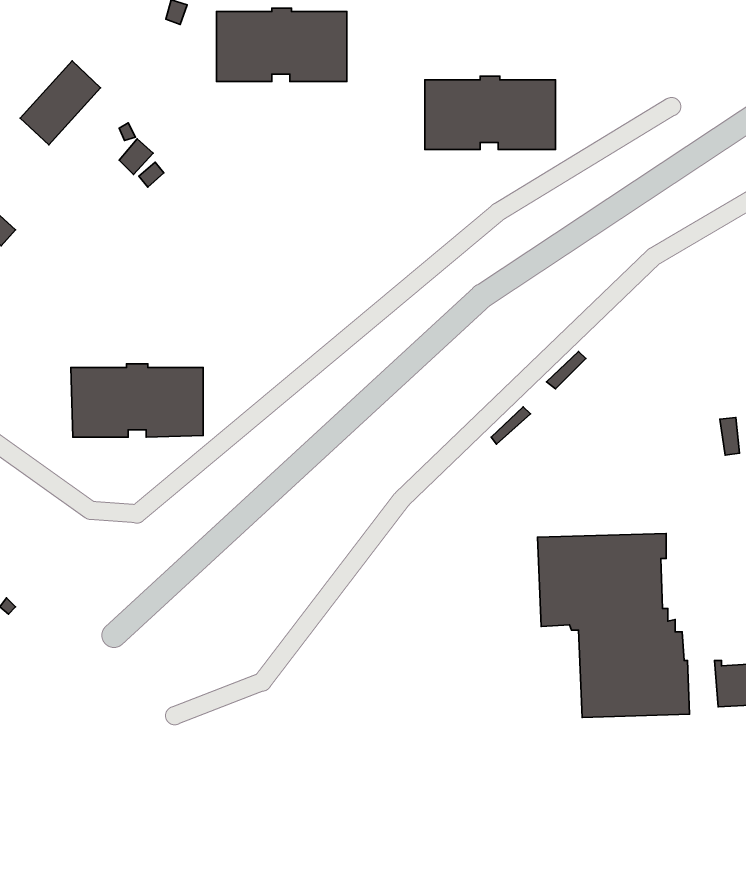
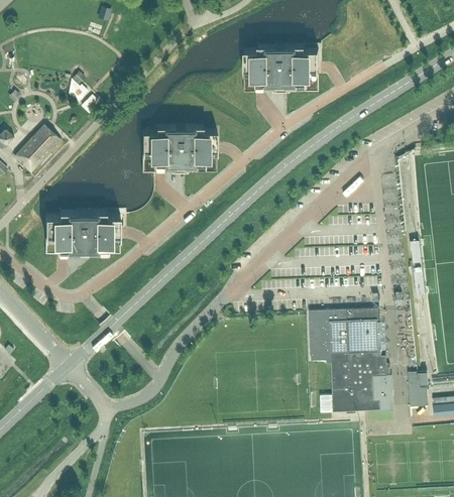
building: [217,8,347,81] -> [142,129,216,170]
building: [20,61,101,145] -> [14,123,60,170]

